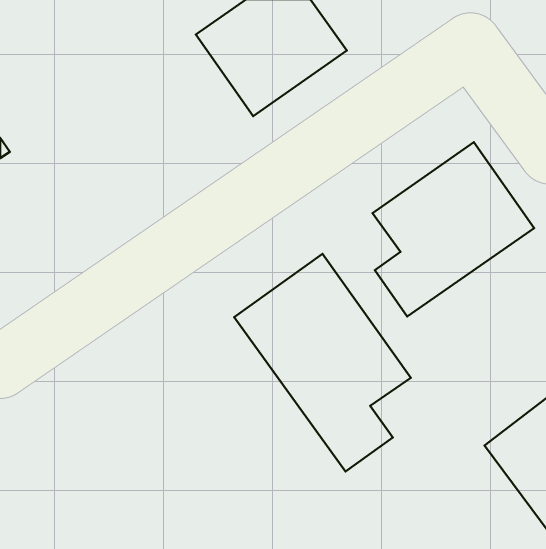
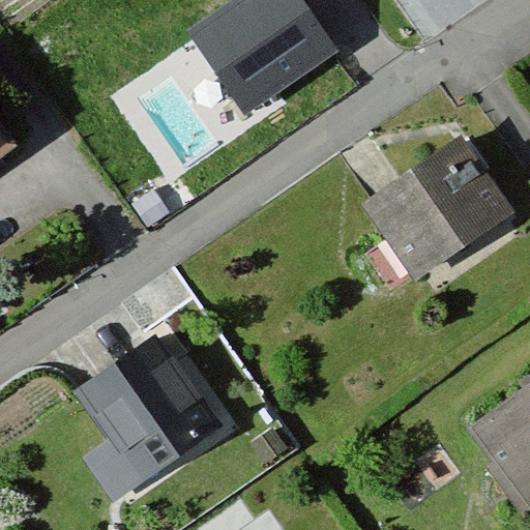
building: [234,254,411,471] -> none
building: none -> [71,328,217,476]

